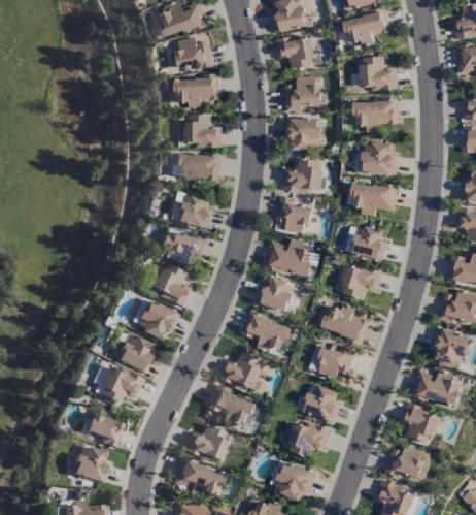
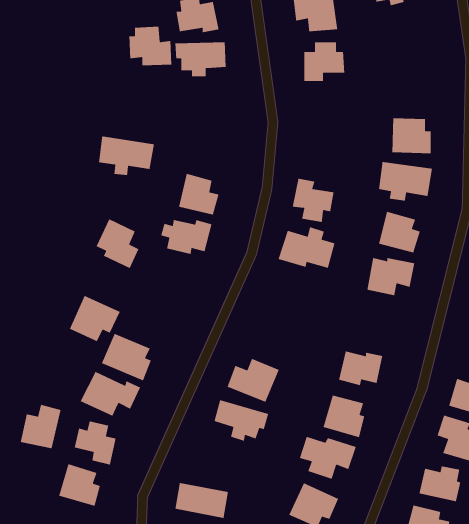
building: [360,57,397,90] -> none
building: [353,100,399,132] -> none
building: [183,114,222,149] -> [128,26,172,66]
building: [283,118,318,150] -> none
building: [172,151,222,186] -> [98,136,155,176]
building: [282,158,321,192] -> none
building: [151,261,190,305] -> [96,218,139,269]
building: [254,277,295,312] -> none
building: [135,298,180,340] -> [69,295,121,342]
building: [318,303,370,343] -> none
building: [242,314,292,354] -> none
building: none -> [20,404,62,449]
building: [182,423,229,463] -> none

